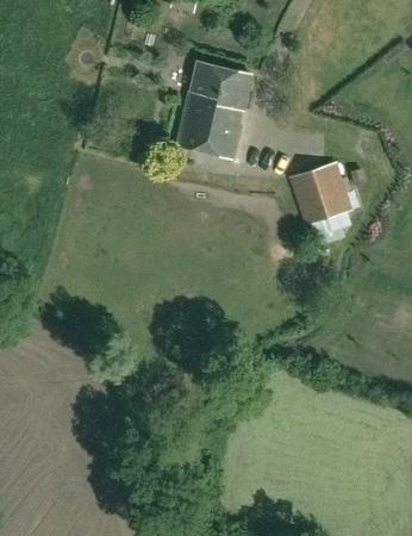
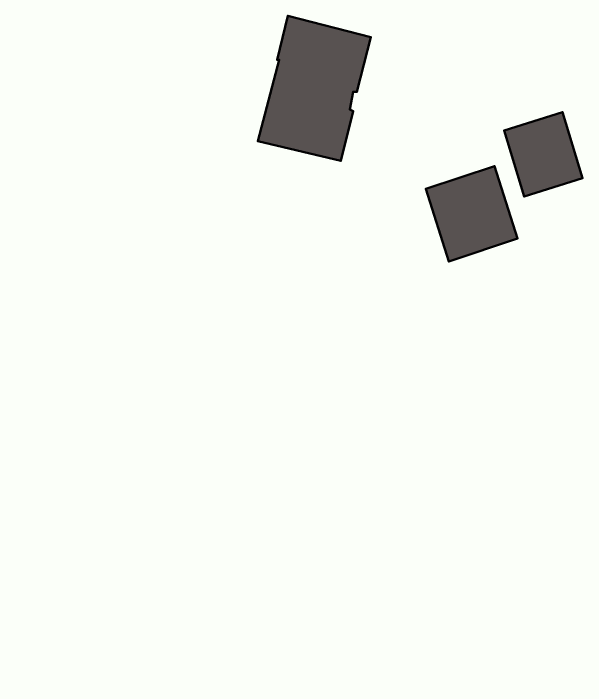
building: none -> [504,112,583,197]

